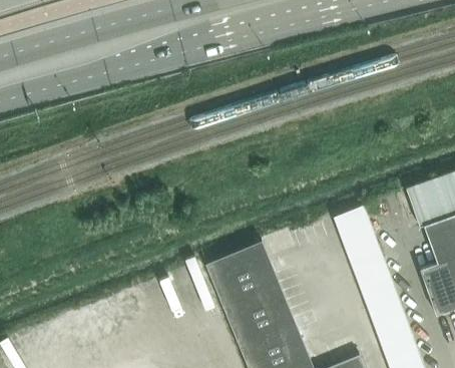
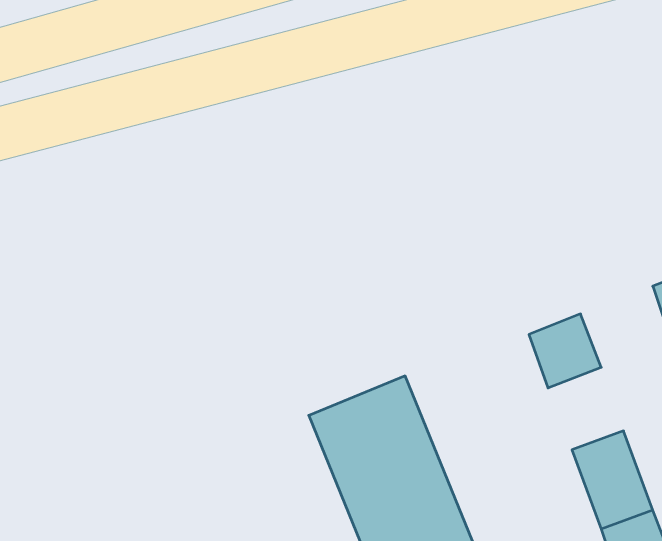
building: [345,238,389,286] -> none

